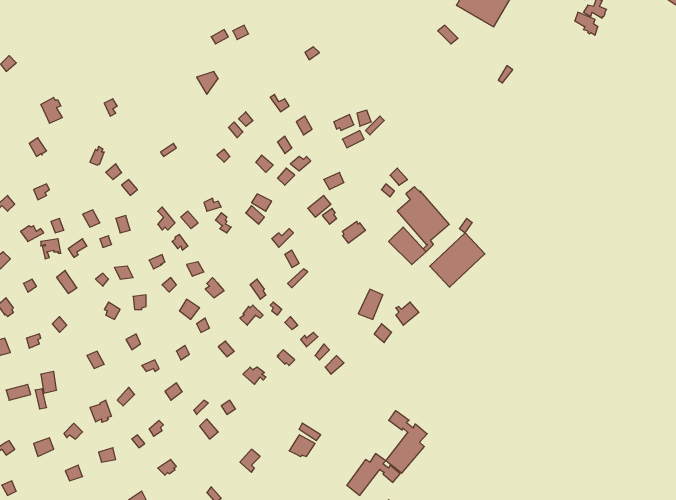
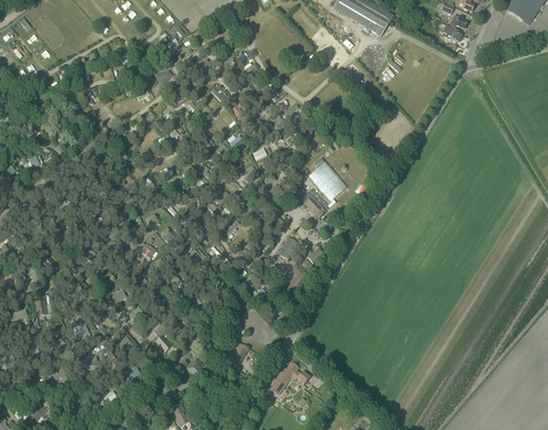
building: [430,233,485,287] -> none
building: [386,411,427,473] -> none

